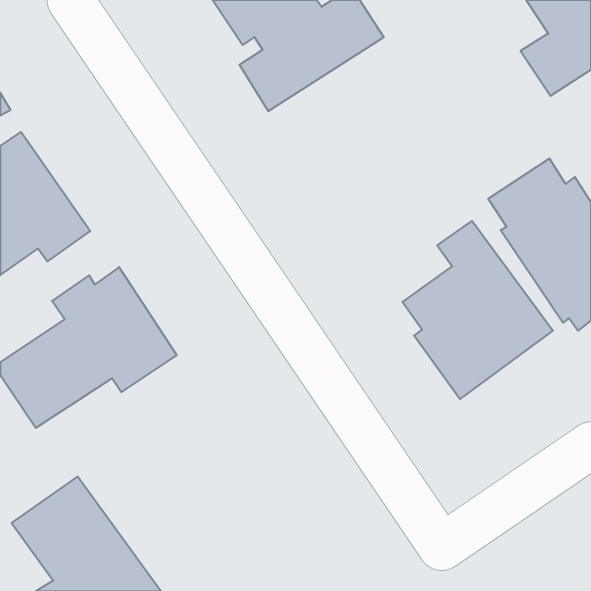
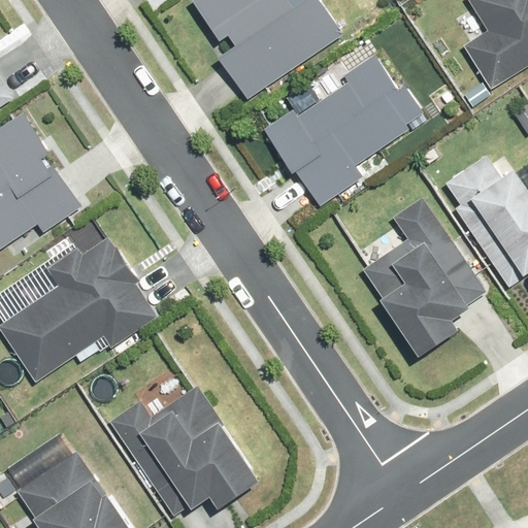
building: none -> [263,55,423,207]
building: none -> [108,387,259,517]

